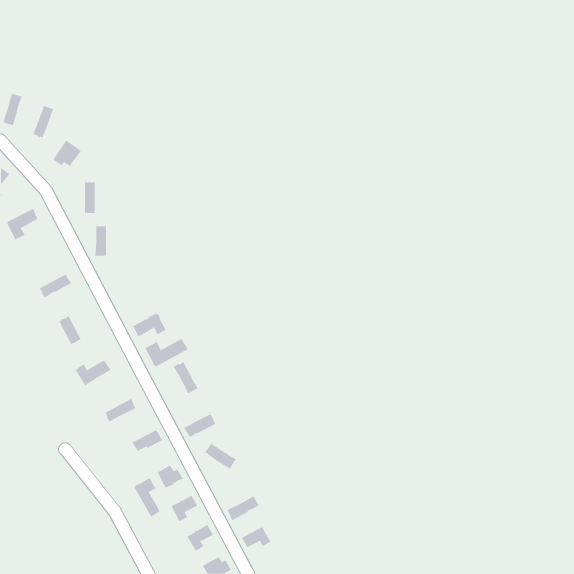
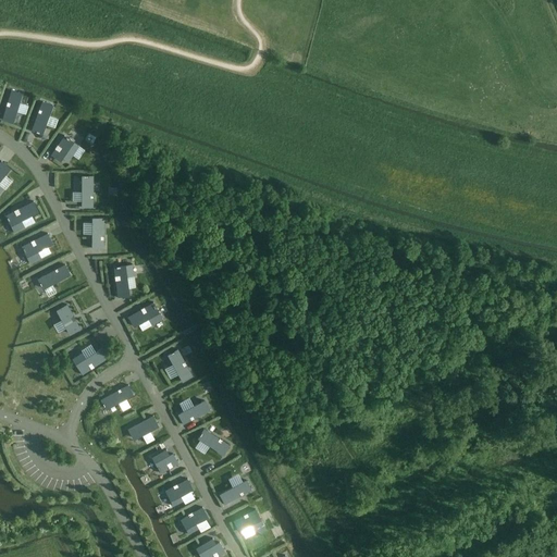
building: none -> [20,233,51,263]
building: none -> [113,264,134,298]
building: [144,338,190,368] -> none
building: [133,477,161,519] -> none

